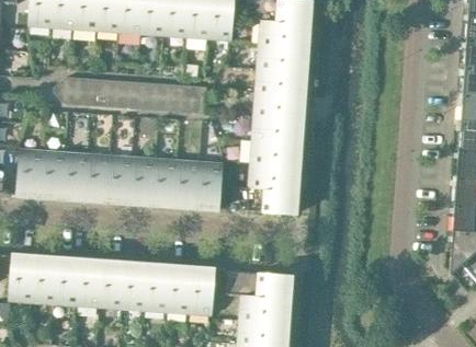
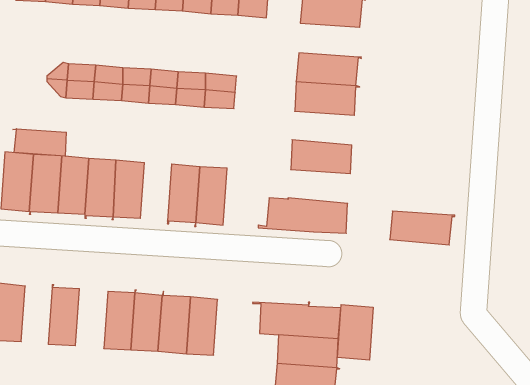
building: [259,44,311,71] -> none
building: [253,115,306,142] -> none
building: none -> [13,129,66,156]
building: [131,157,156,204] -> none
building: [197,161,224,208] -> none
building: [250,162,303,189] -> [390,211,455,245]
building: [34,256,59,303] -> none
building: [78,256,104,306] -> none
building: [190,264,216,314] -> none
building: none -> [337,305,373,360]

